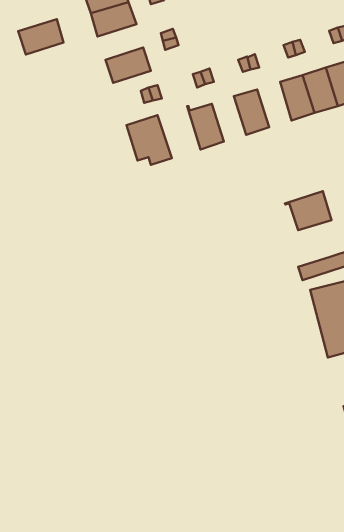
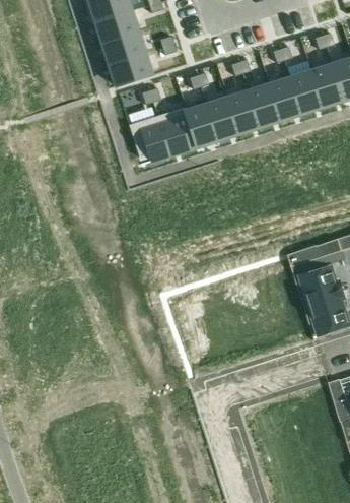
building: [18,19,63,55] -> [103,32,145,64]
building: none -> [250,84,281,126]
building: none -> [208,98,239,139]
building: none -> [158,107,198,154]
building: [285,191,332,230] -> none

